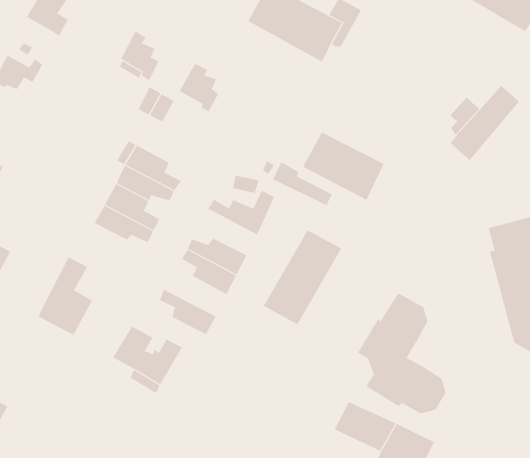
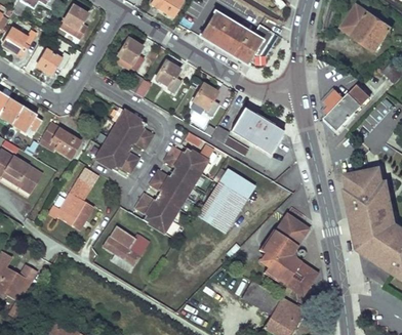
building: none -> [192,82,217,114]
building: none -> [41,122,80,157]
building: none -> [164,153,199,183]
building: none -> [137,195,177,221]

